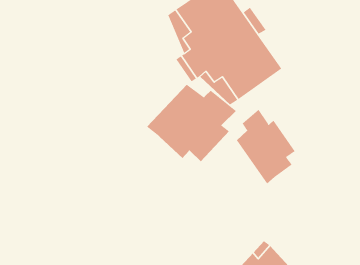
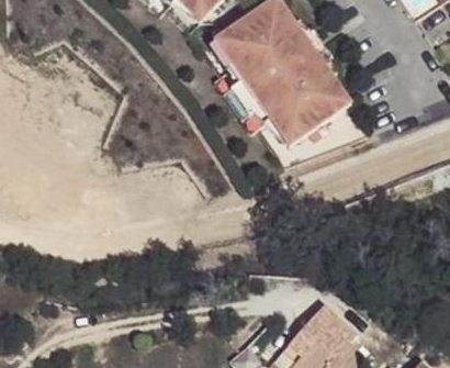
building: [146,84,237,162] -> none
building: [236,109,296,184] -> none

